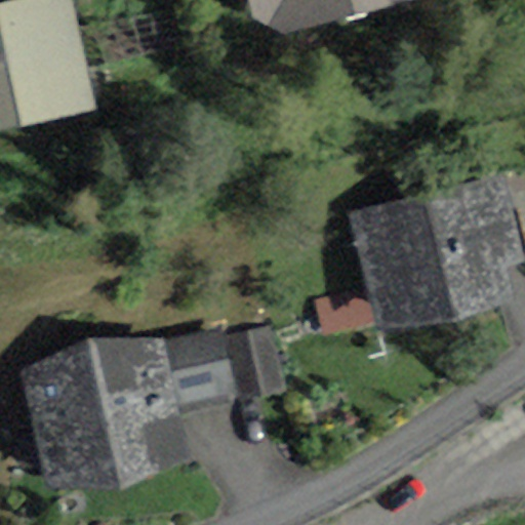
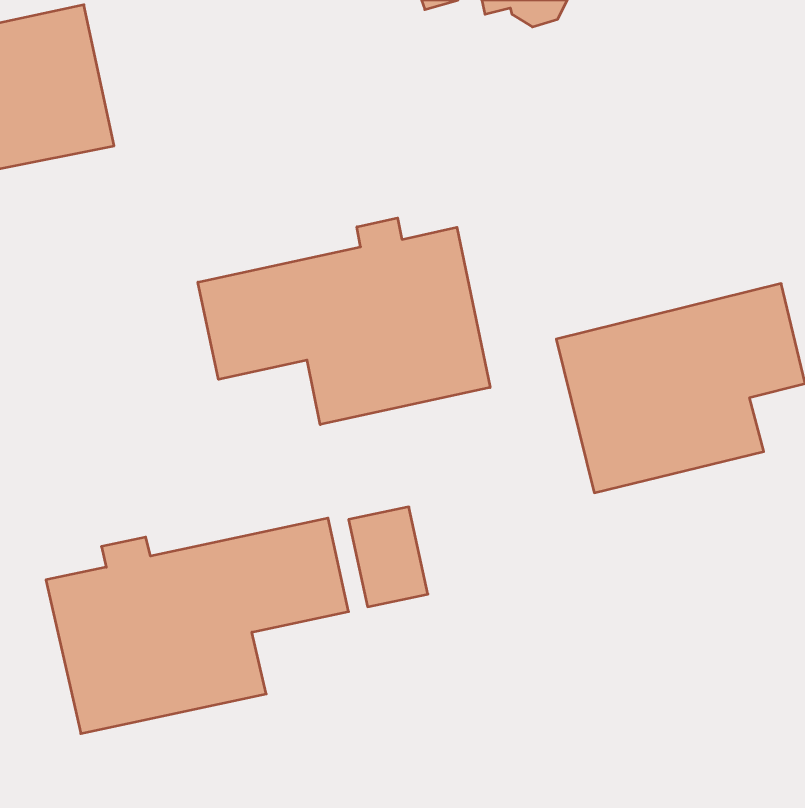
building: none -> [198,218,490,425]

